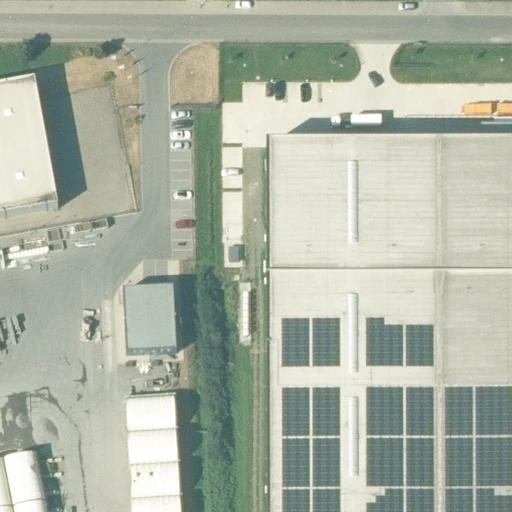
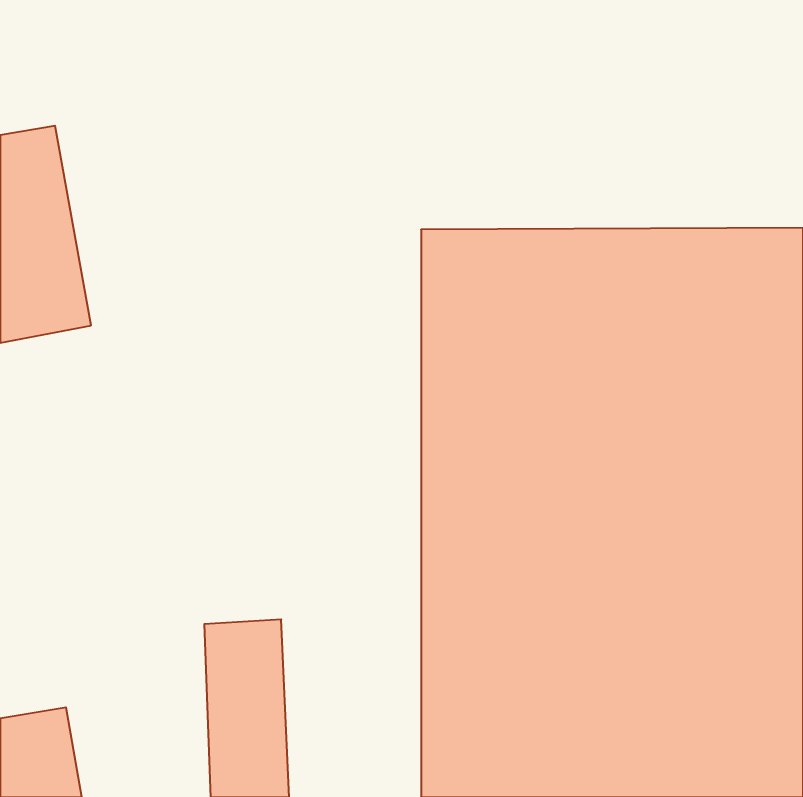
building: [126,286,179,353] -> none

